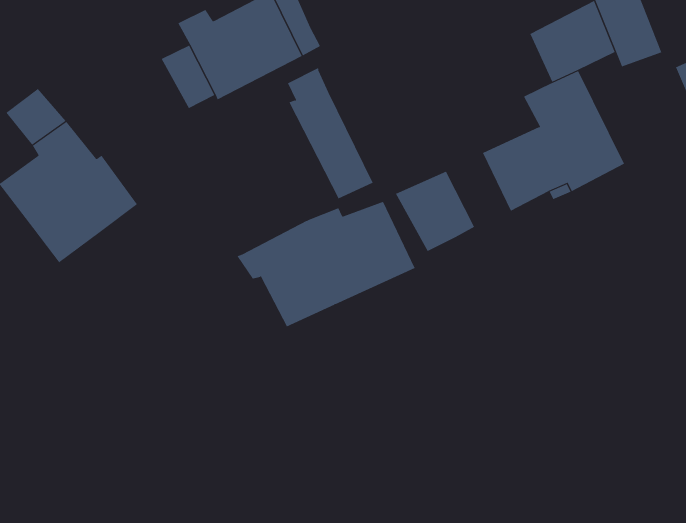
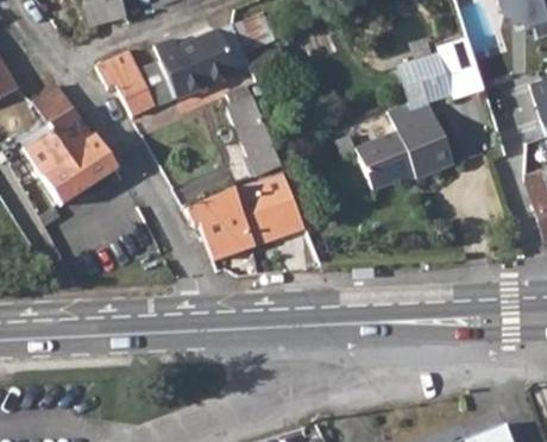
building: none -> [95,50,157,118]
building: [395,171,475,252] -> none

